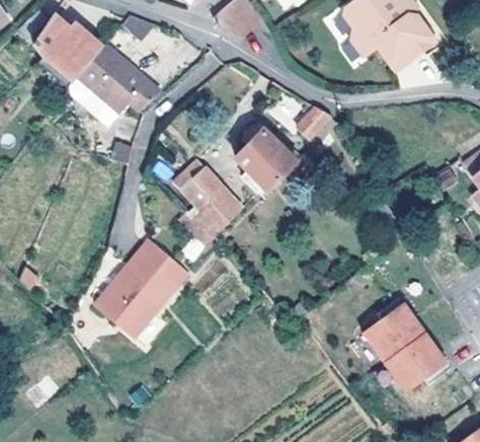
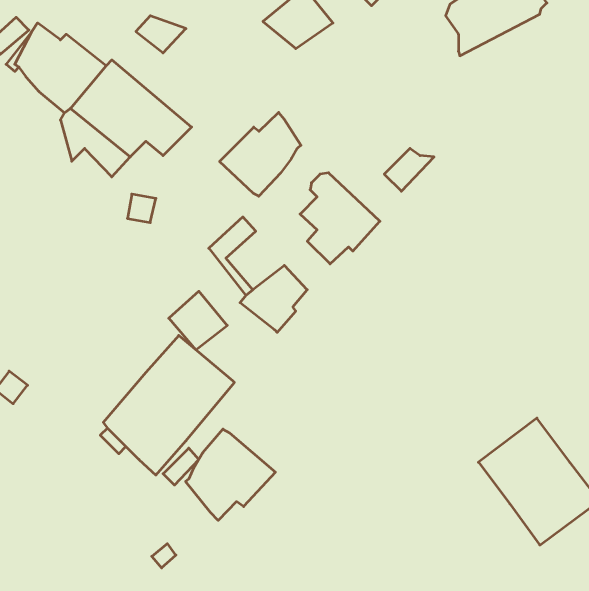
building: [351,11,433,70] -> none
building: none -> [220,112,301,196]
building: [185,165,227,207] -> [169,291,227,350]
building: none -> [186,429,275,520]

